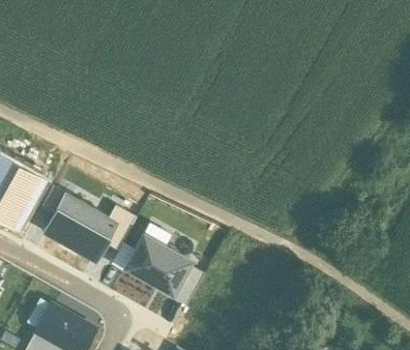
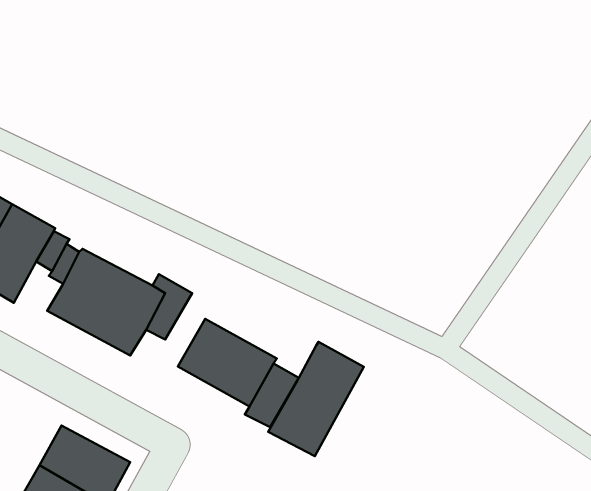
building: none -> [268,342,364,456]

